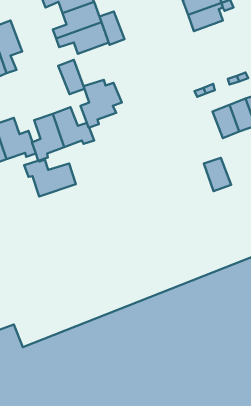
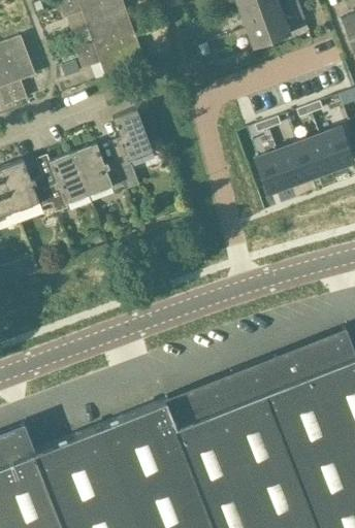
building: [100,12,124,45] -> none
building: [58,60,85,94] -> none
building: [204,158,231,191] -> [255,151,290,193]
building: [24,159,76,197] -> none

